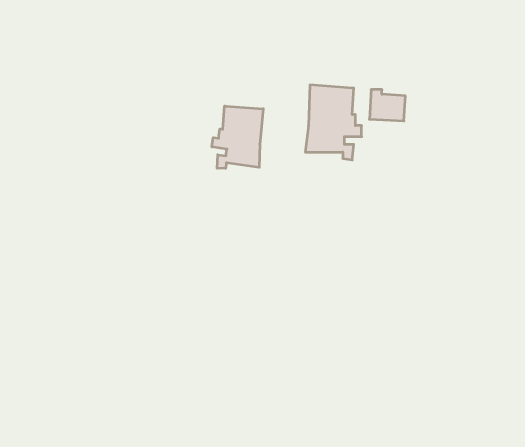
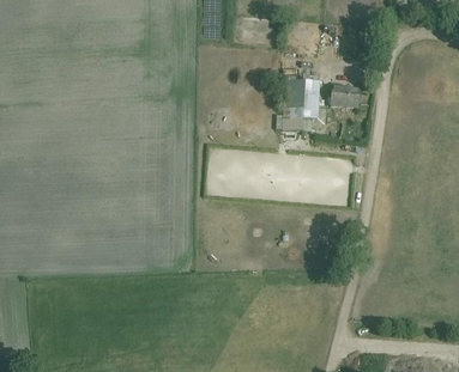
building: [212,106,263,168] -> none

